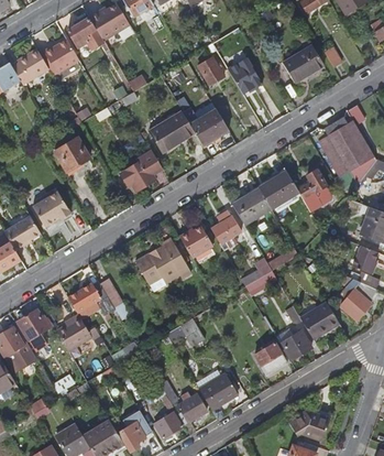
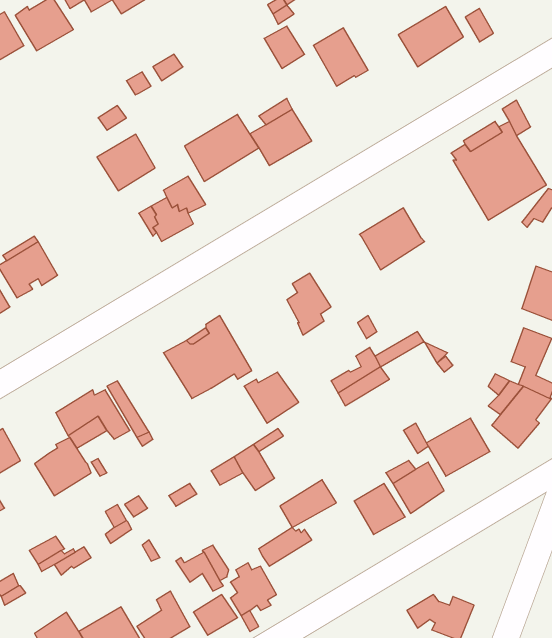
building: [53,138,89,173] -> [97,134,155,191]
building: [296,170,333,213] -> none
building: [232,188,271,226] -> none
building: [178,226,212,258] -> [244,372,299,423]
building: [201,378,237,408] -> [280,480,336,527]

